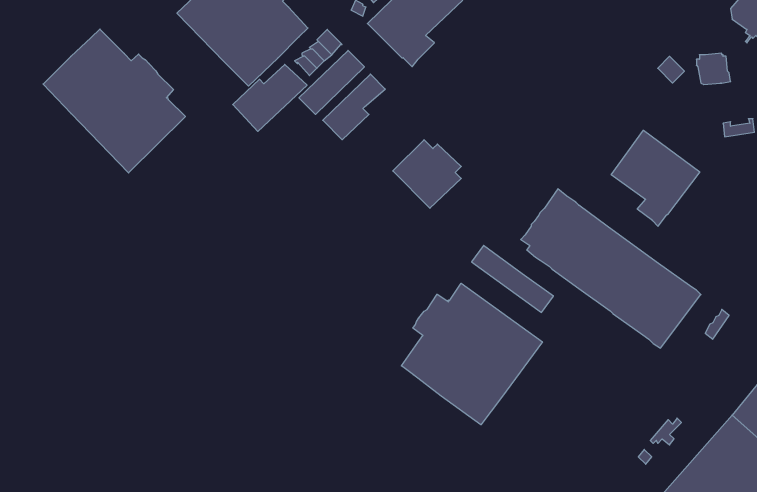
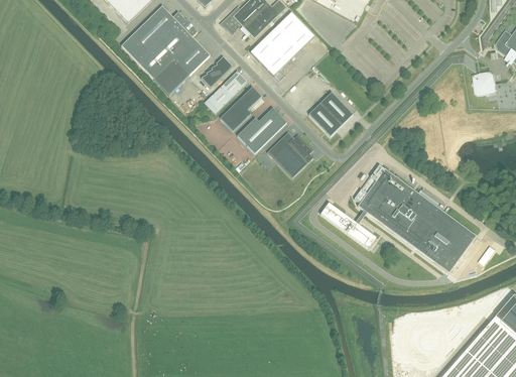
building: [43,29,185,173] -> none
building: [233,64,307,131] -> [237,107,287,152]
building: none -> [308,91,353,135]
building: [611,130,700,226] -> none
building: [401,283,542,425] -> none

